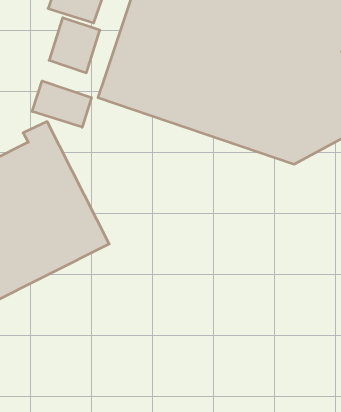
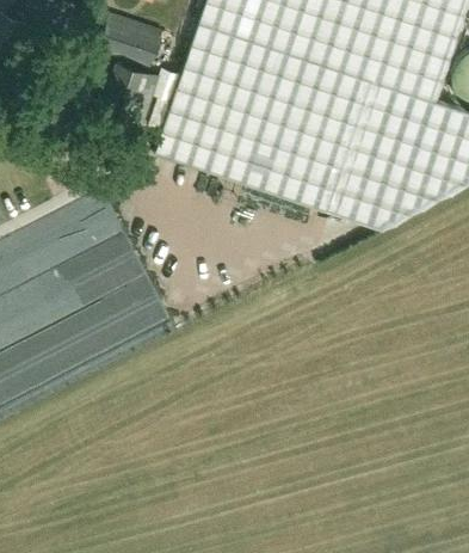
building: [32,81,91,127] -> none

